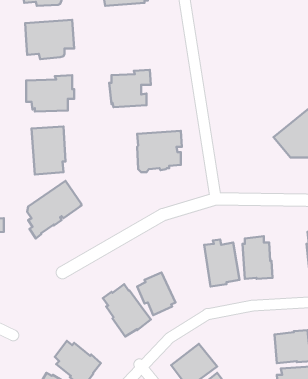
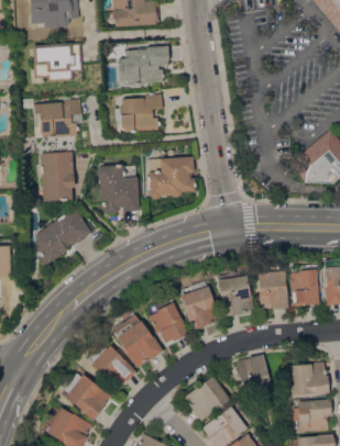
building: none -> [118,46,169,85]
building: none -> [97,165,140,214]
building: none -> [289,269,320,306]
building: none -> [182,287,220,331]
building: none -> [91,345,136,390]
building: none -> [237,355,271,391]

